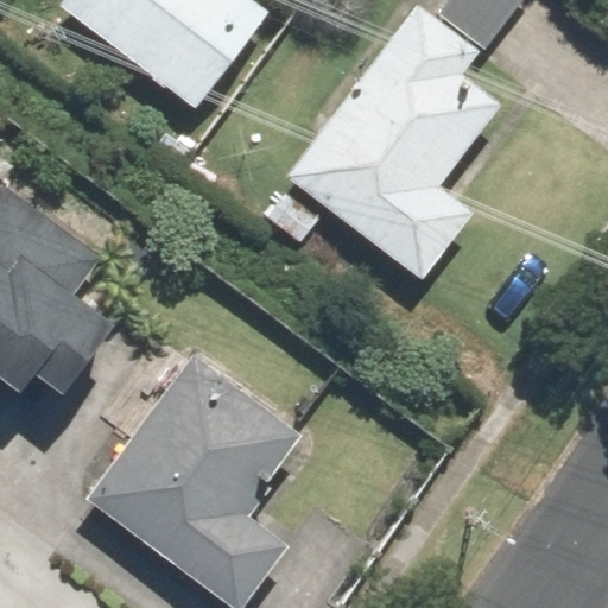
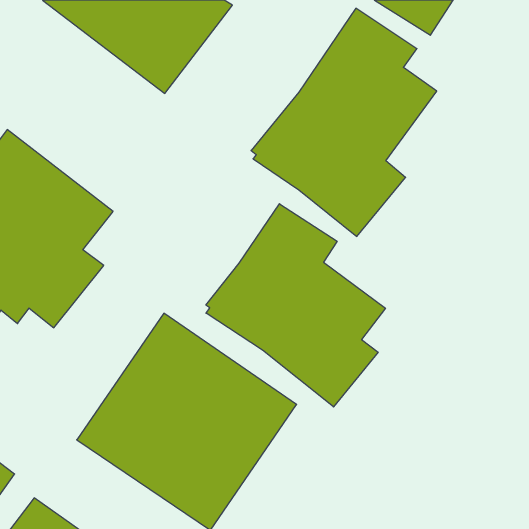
building: none -> [206,204,385,407]

